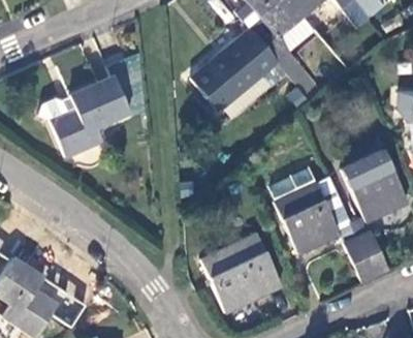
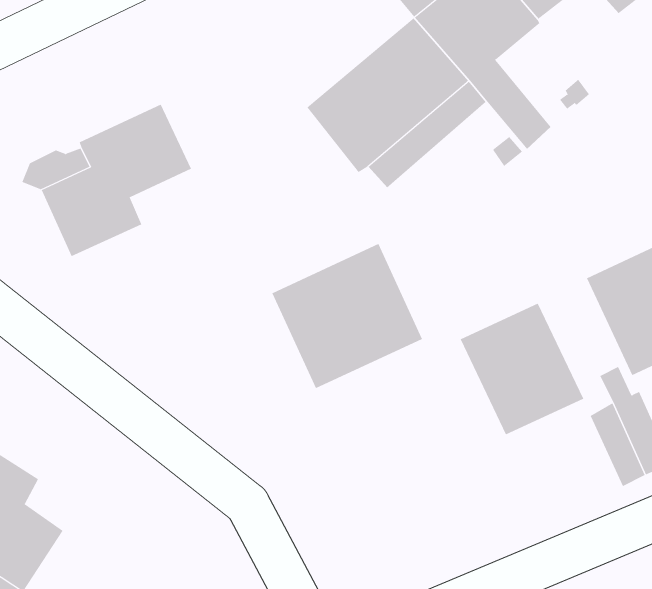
building: [200,232,282,310] -> [272,243,423,389]

